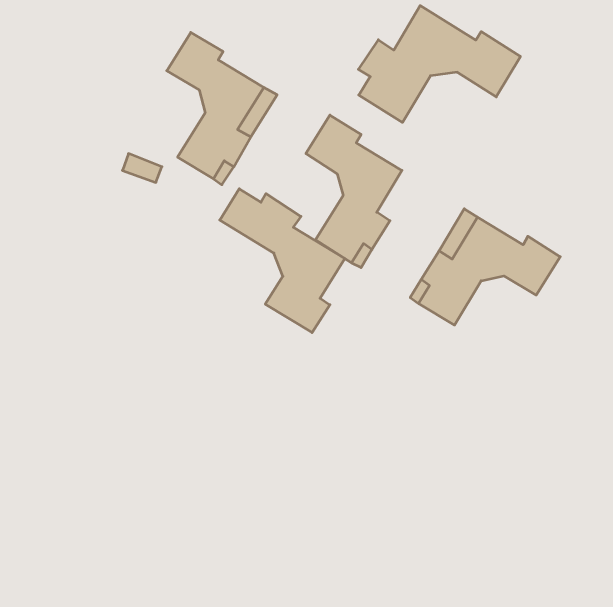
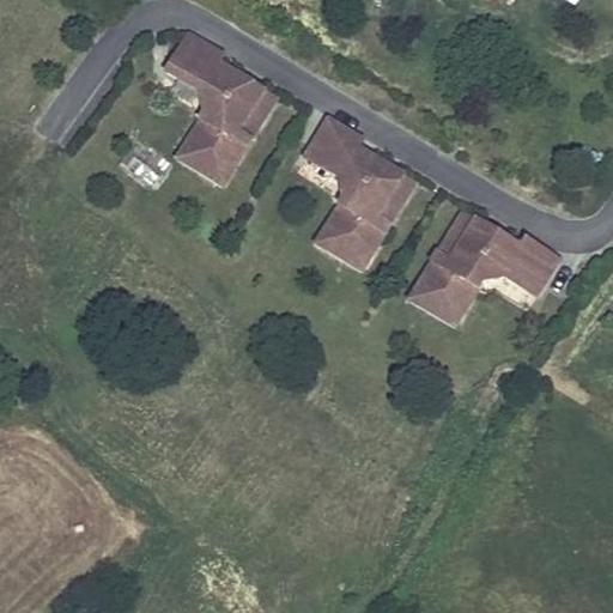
building: [358,6,520,122] -> none
building: [220,189,345,333] -> none

